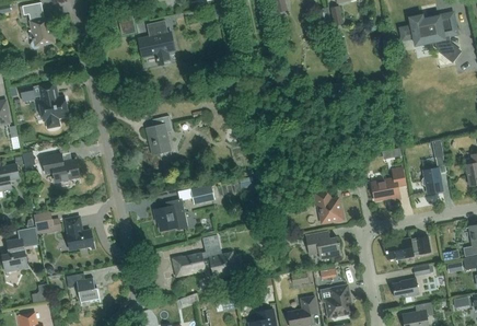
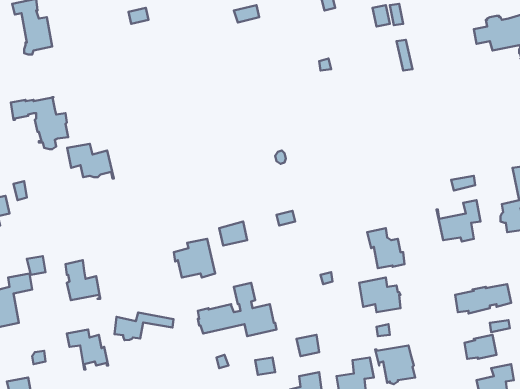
building: [138,20,174,66] -> none
building: [144,116,172,155] -> none
building: [42,154,80,183] -> [67,144,114,179]
building: none -> [115,313,173,340]

